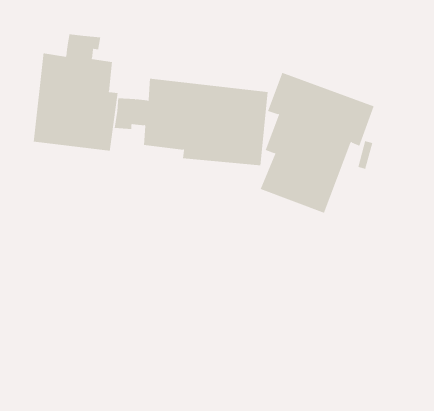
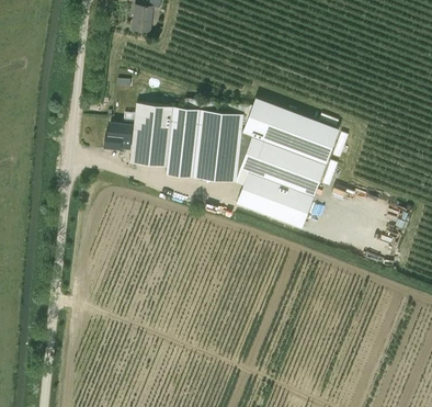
building: [33,33,118,151] -> none

